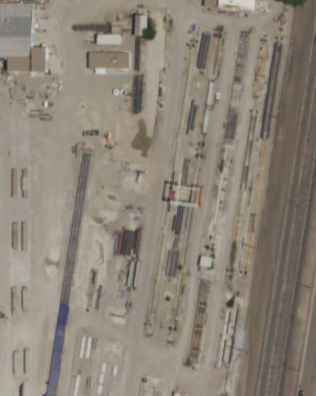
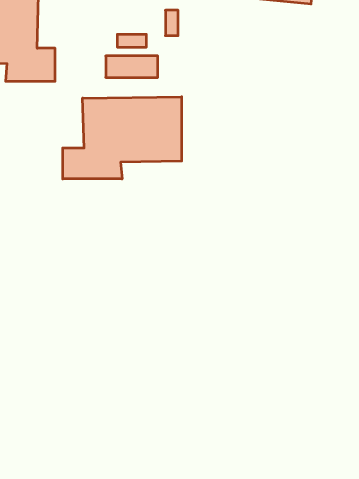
building: none -> [63,97,182,179]

